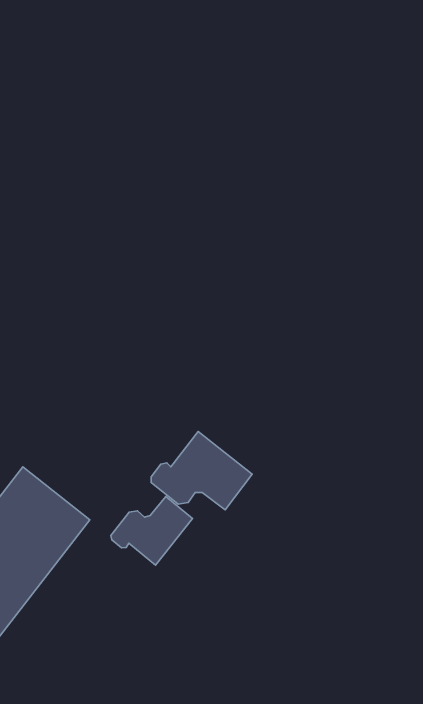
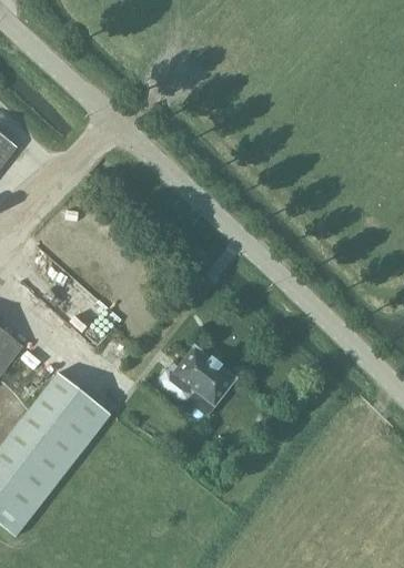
building: [111,497,192,565] -> none

